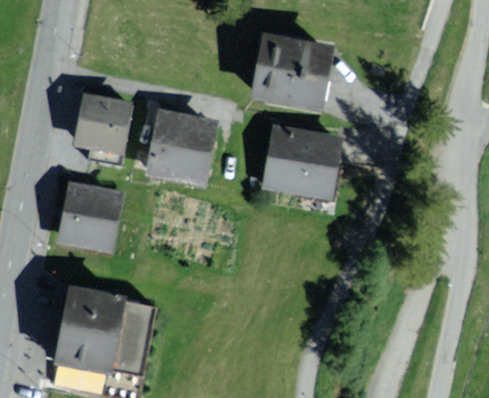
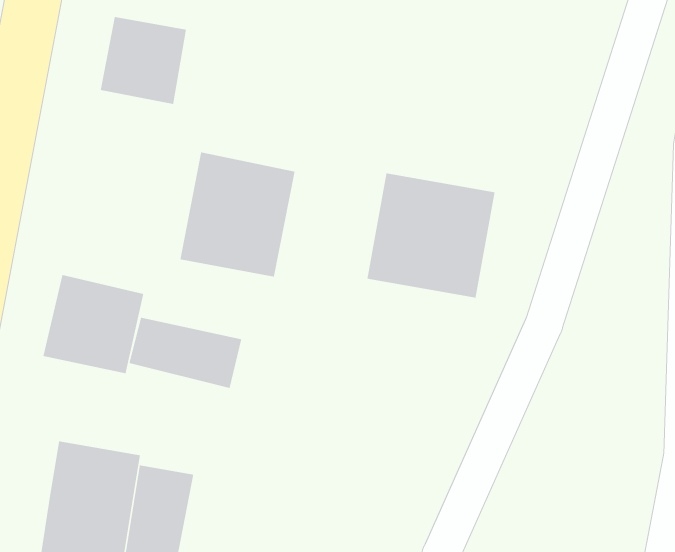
building: [261,43,330,106] -> none
building: [72,93,126,148] -> [100,16,187,105]
building: none -> [129,317,242,389]

